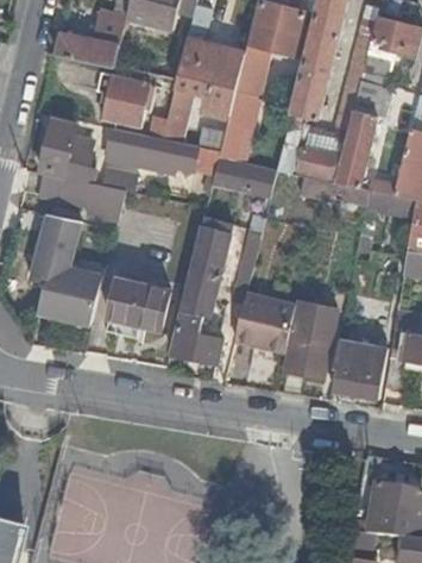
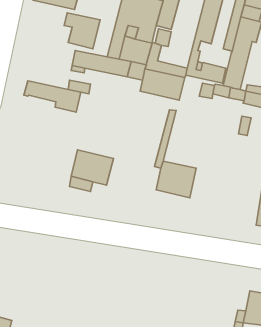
building: [40,121,92,180] -> none
building: [29,214,103,325] -> none
building: [170,225,232,364] -> none
building: [283,302,335,377] -> none
building: [333,338,385,398] -> none

